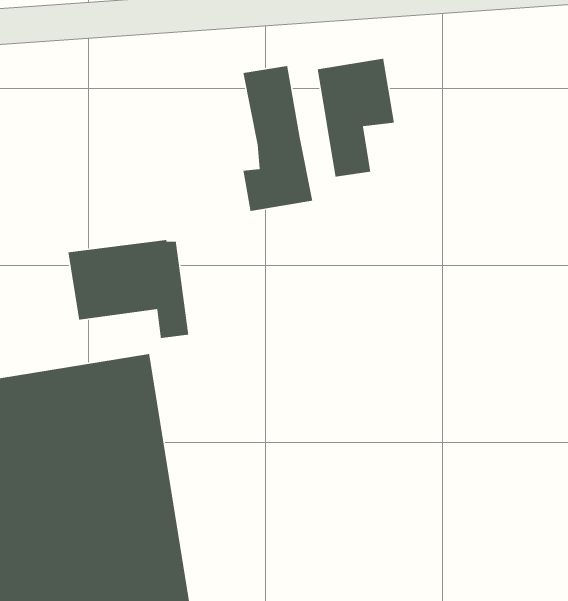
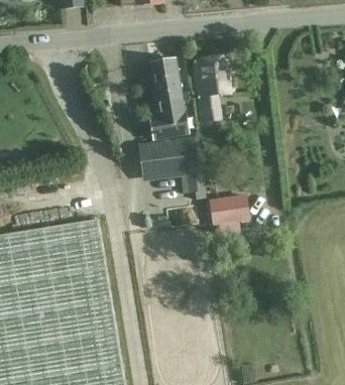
building: [68,239,189,339] -> [137,135,205,190]
building: none -> [209,194,249,235]

